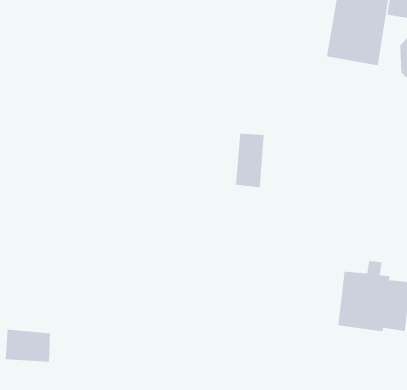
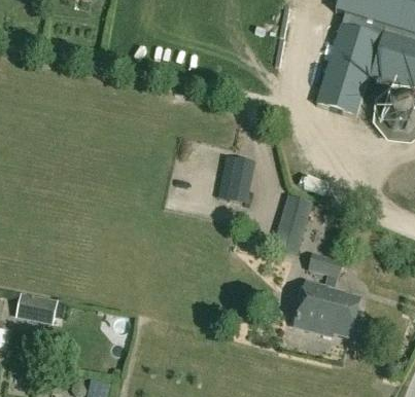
building: none -> [272,192,313,253]
building: none -> [309,251,343,277]

